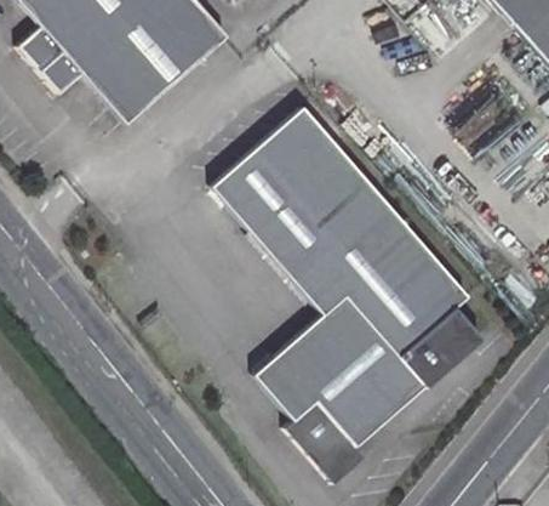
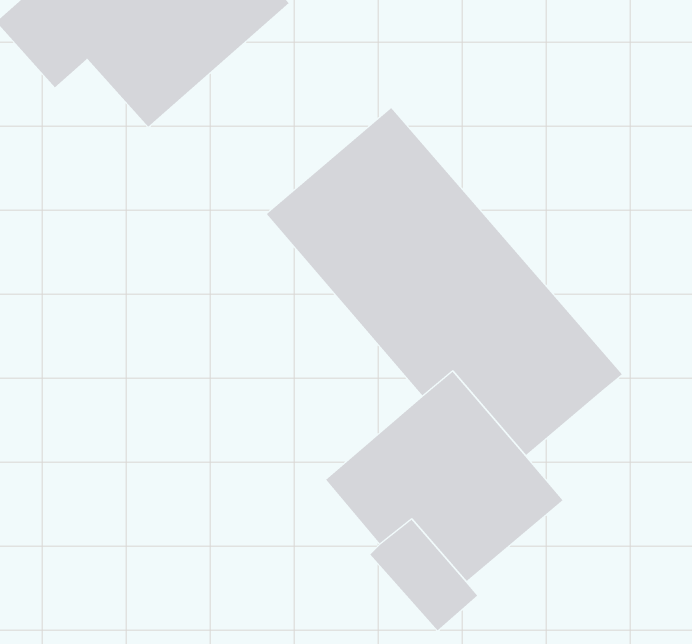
building: [399,308,481,387] -> none

